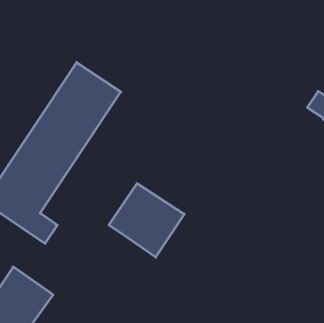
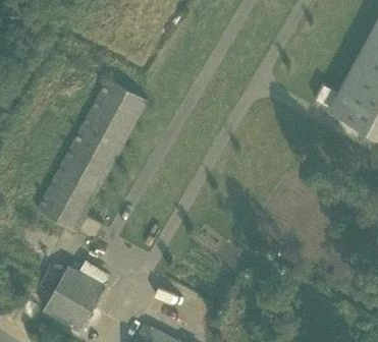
building: [109,184,184,257] -> none

